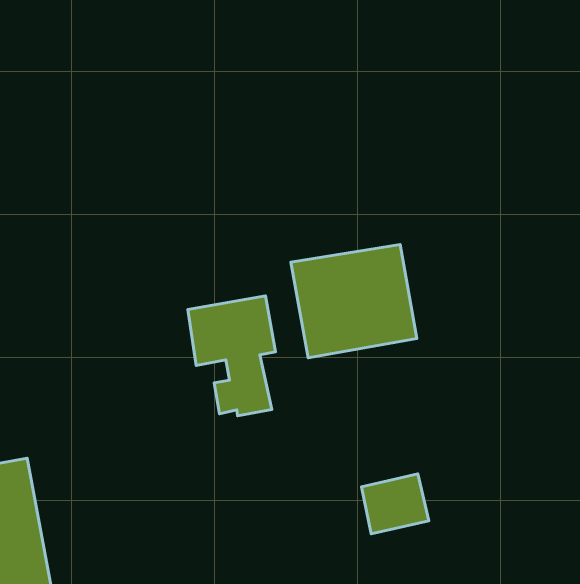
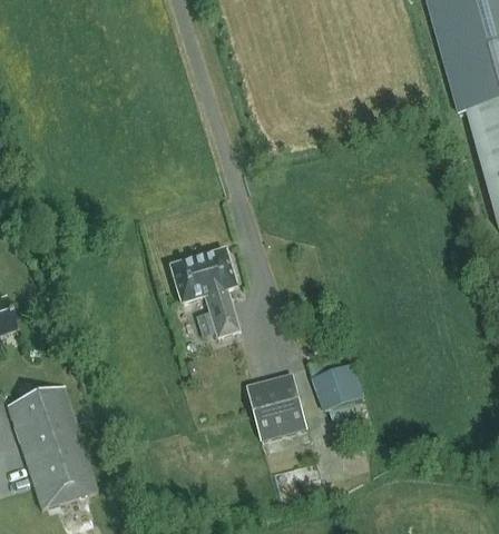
building: [291,245,417,358] -> none
building: none -> [246,373,307,441]

